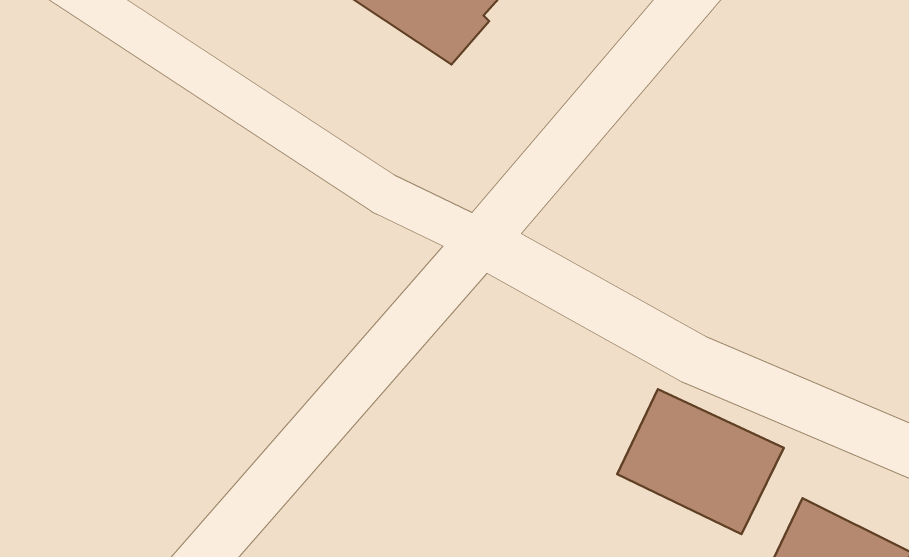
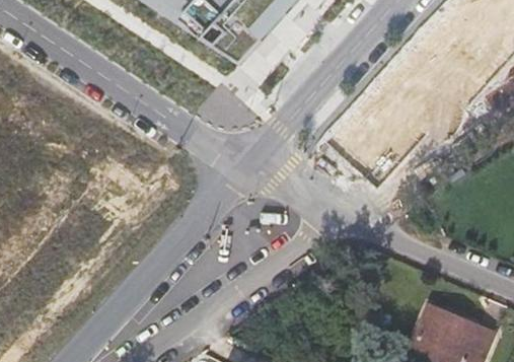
building: [617,389,784,534] -> none

